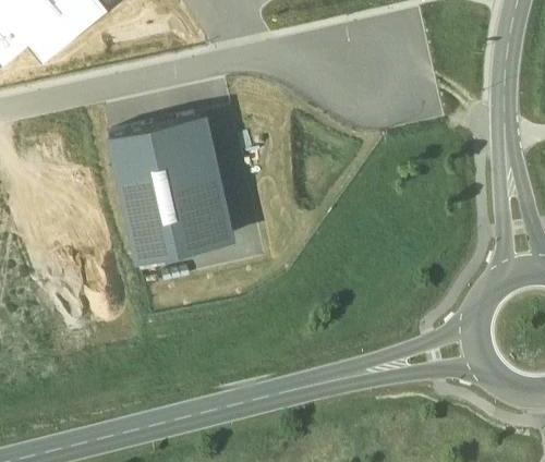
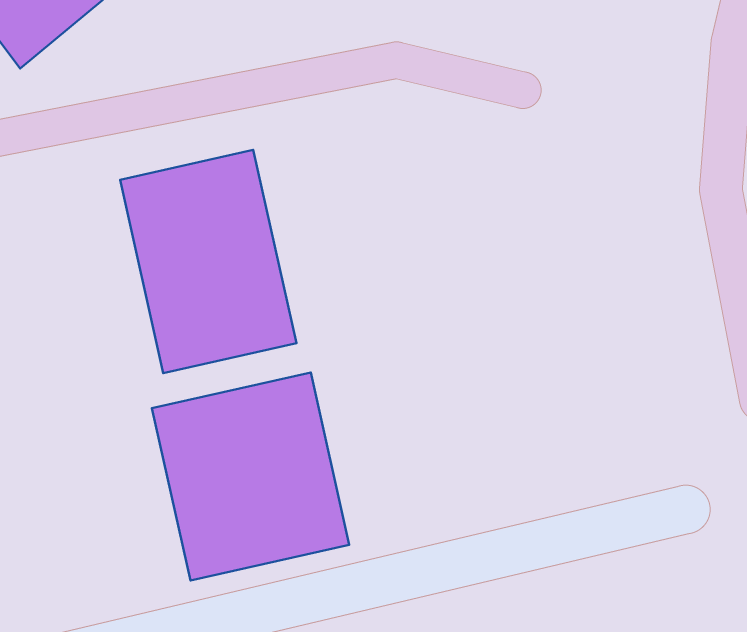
building: none -> [152,373,349,581]

